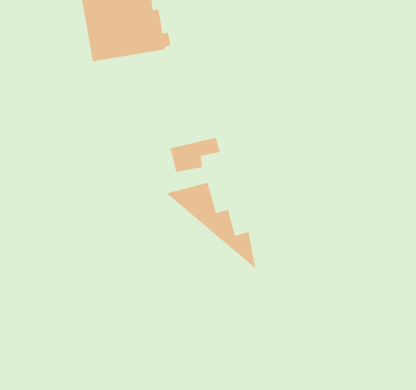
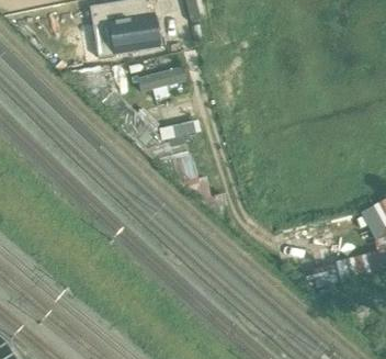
building: none -> [137,67,188,100]

